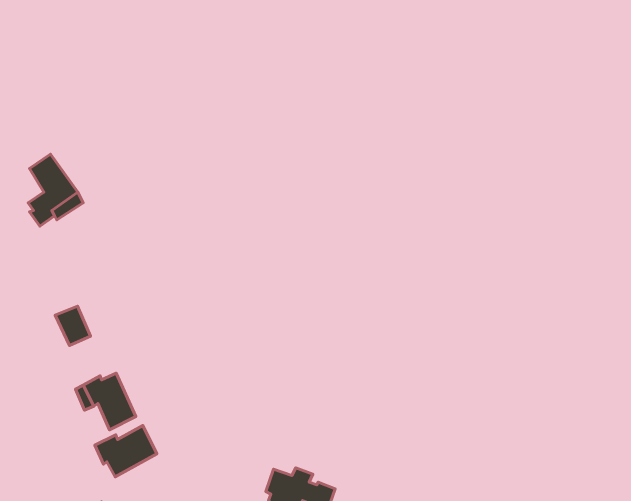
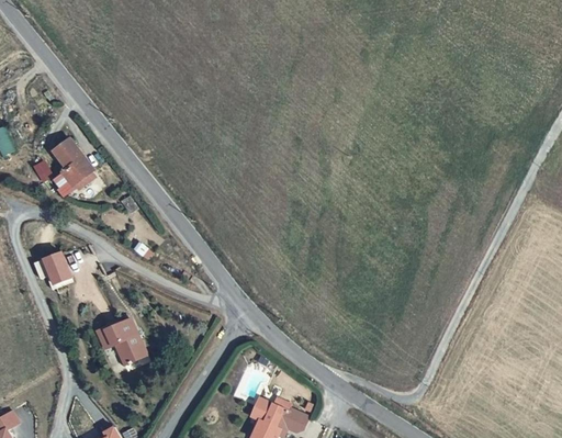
building: [55,306,91,345] -> [38,250,68,283]
building: [95,426,157,477] -> none

